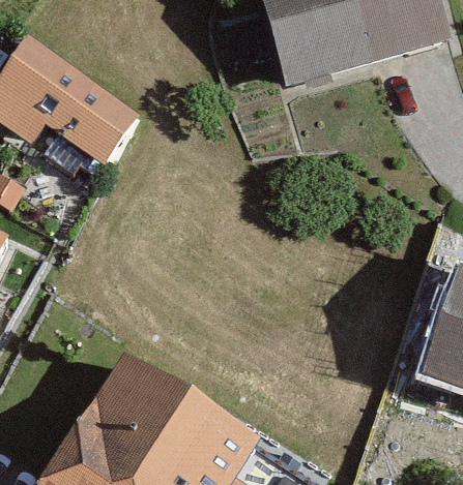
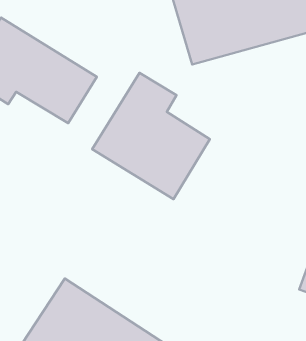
building: none -> [92,73,210,199]

